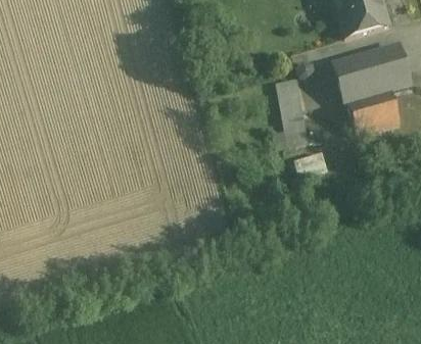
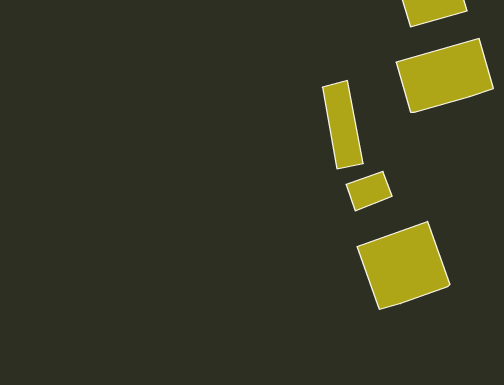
building: [347,90,400,135] -> none
building: none -> [357,221,450,309]

